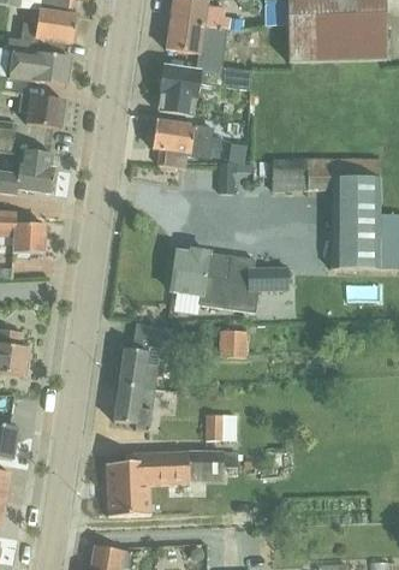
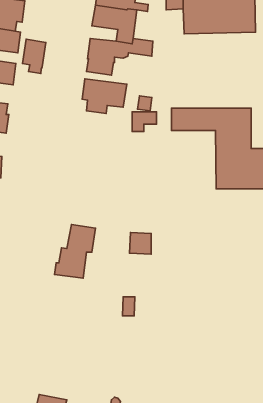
building: none -> [22,39,46,74]
building: [171,249,290,313] -> none
building: [113,384,154,431] -> none
building: [106,451,237,516] -> none

